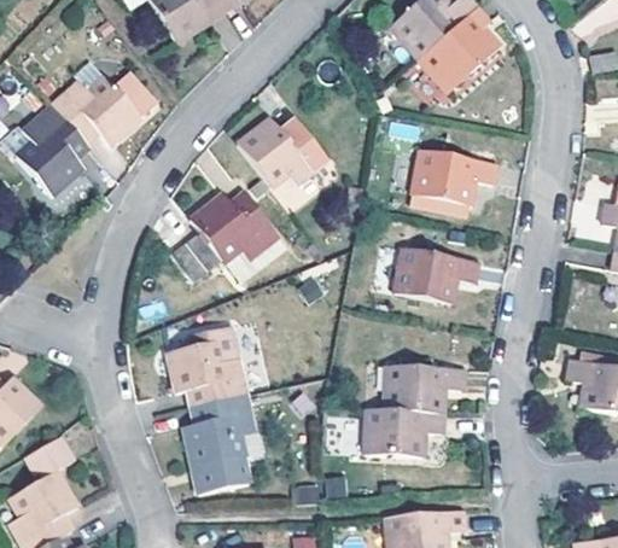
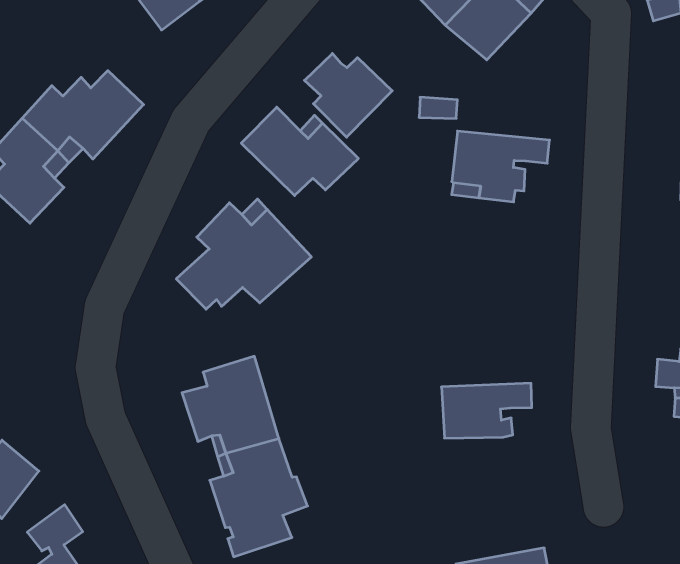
building: none -> [304,53,392,137]
building: [393,245,478,302] -> none
building: [363,407,443,454] -> none

